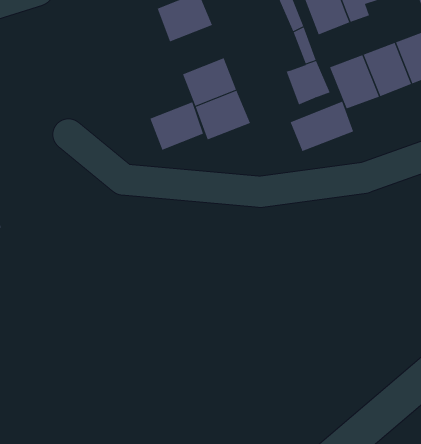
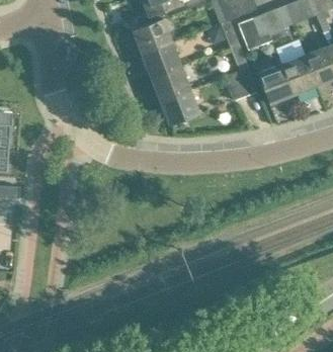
building: [290,101,354,152] -> none
building: [149,102,204,151] -> [142,42,181,78]

